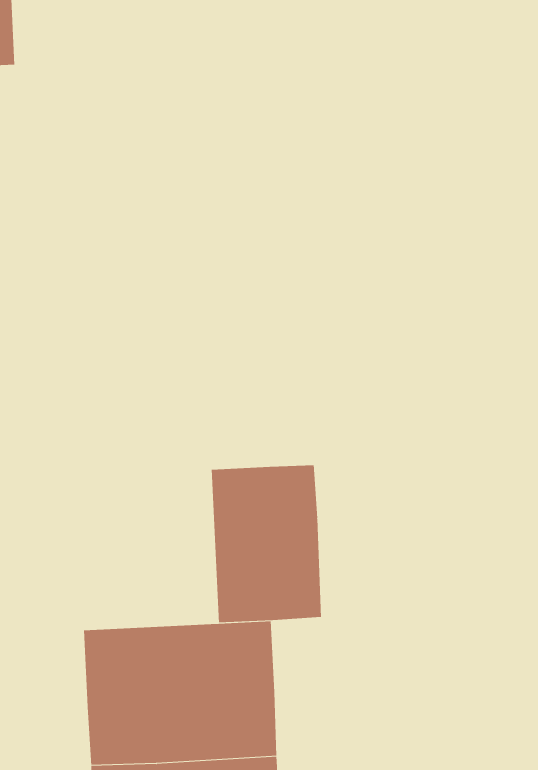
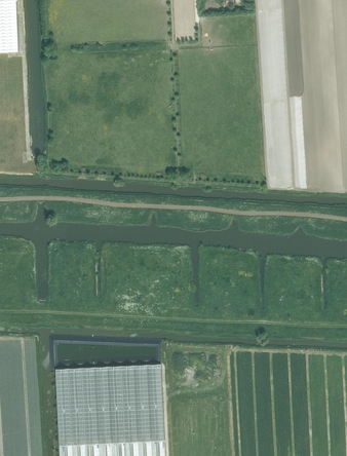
building: [211,465,321,623] -> none

